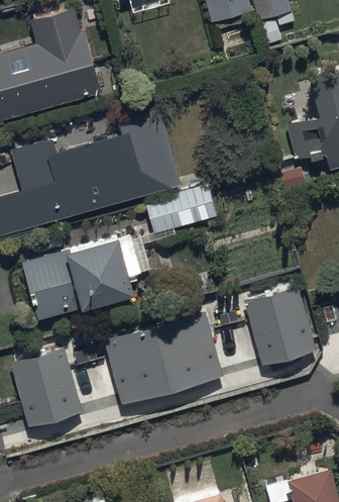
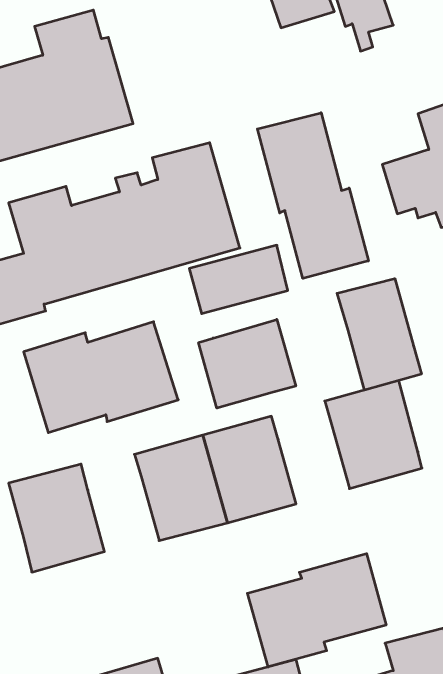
building: none -> [257,113,368,278]
building: none -> [337,279,421,390]
building: none -> [199,319,296,408]
building: none -> [247,554,386,667]

